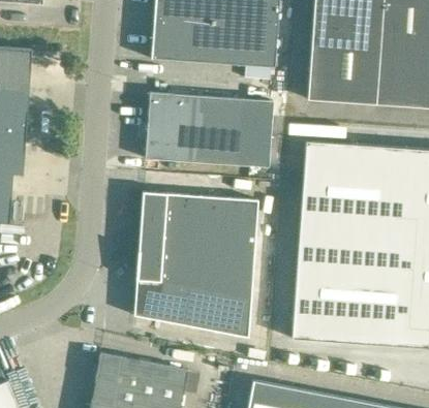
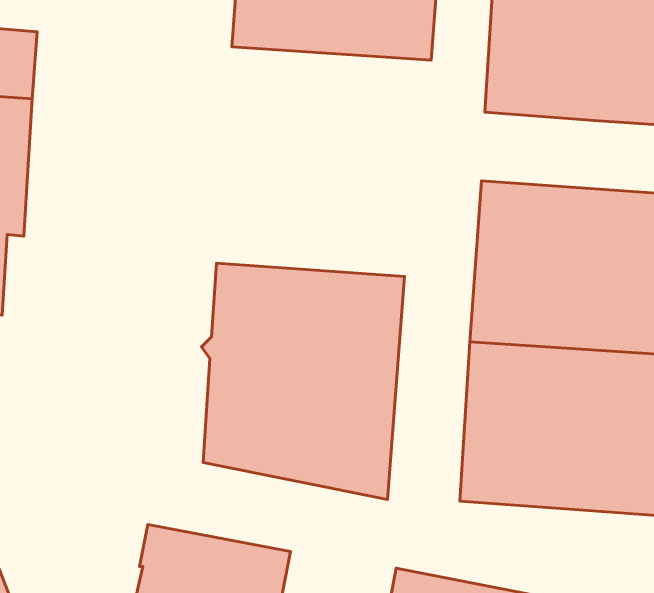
building: [145,93,273,167] -> none

